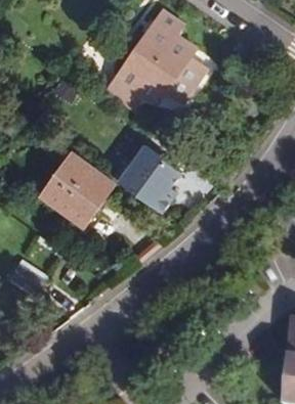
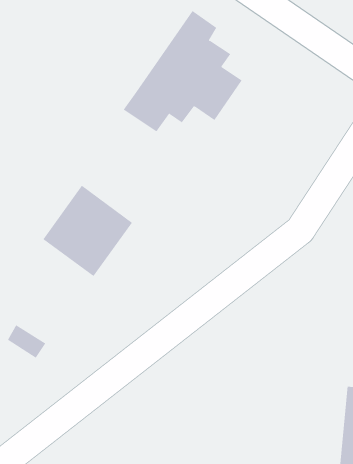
building: [118,140,184,212] -> none

